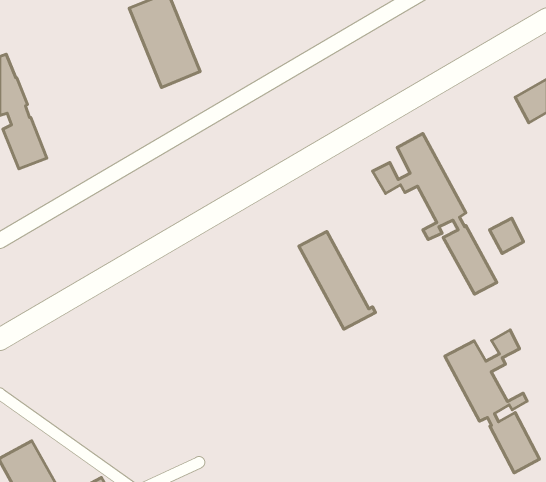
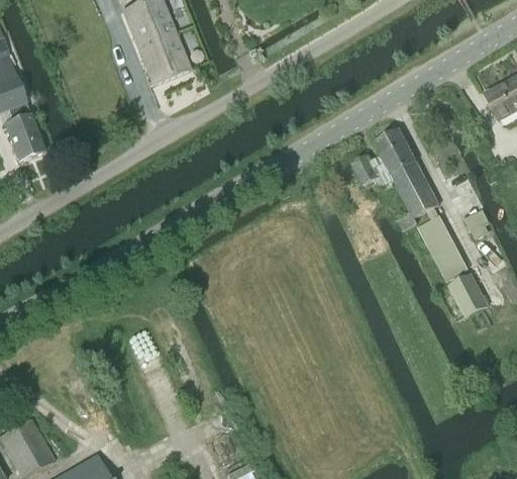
building: [299,232,376,329] -> none
building: none -> [447,274,488,318]
building: [445,330,539,473] -> none

